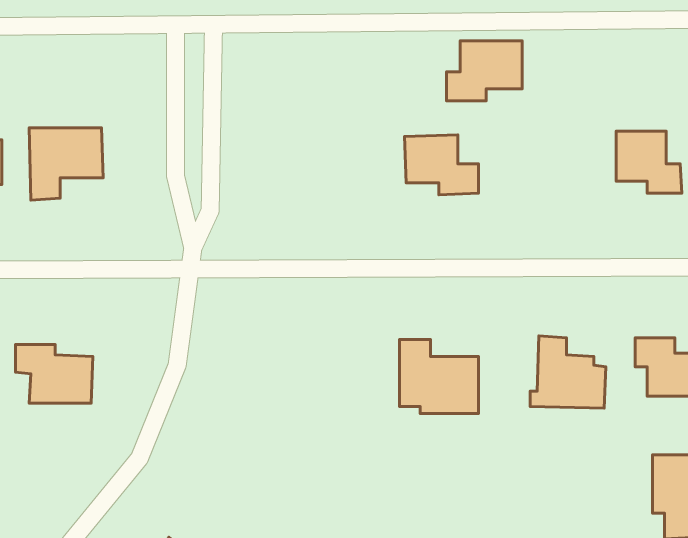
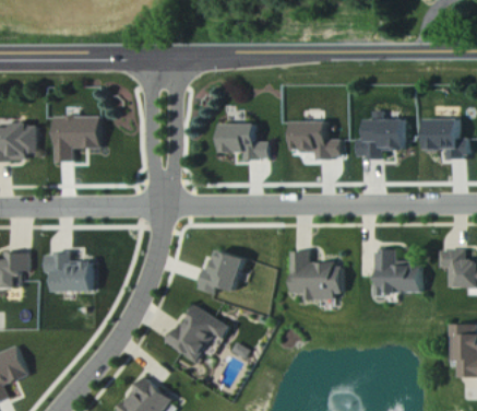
building: [446,41,522,101] -> [356,119,404,157]
building: none -> [219,122,269,160]
building: none -> [198,248,246,294]
building: none -> [169,303,229,361]

